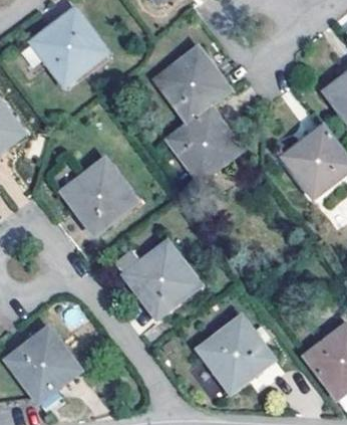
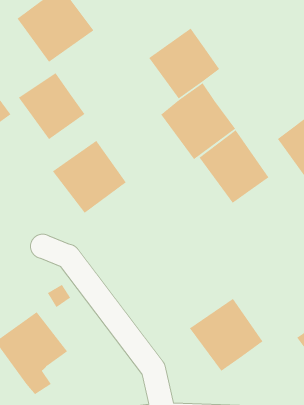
building: none -> [18,72,85,140]
building: none -> [198,129,270,204]
building: [122,240,197,314] -> none

